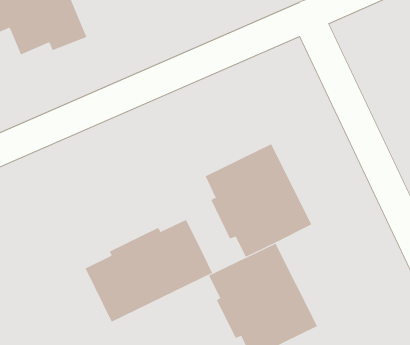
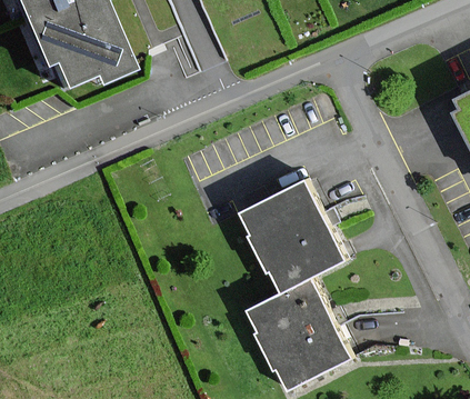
building: [85,219,213,322] -> none

